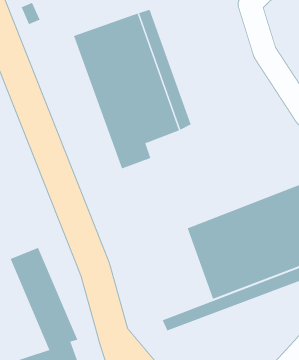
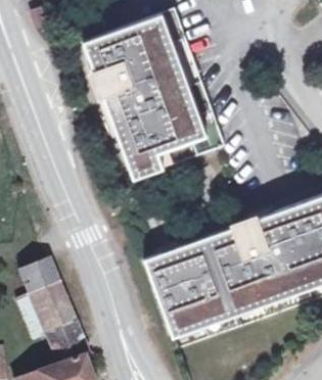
building: none -> [148,239,228,334]

